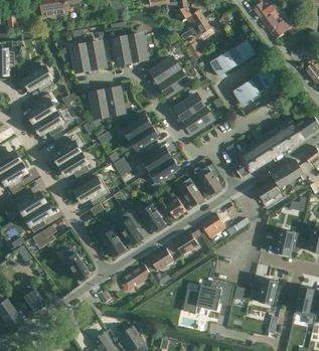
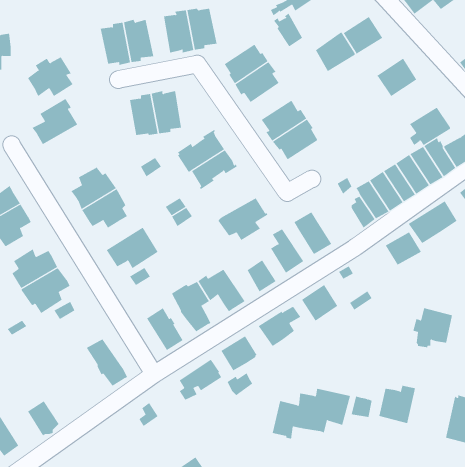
building: [232,78,260,104] -> [409,107,451,146]
building: [33,109,64,136] -> none
building: [141,144,172,170] -> none

